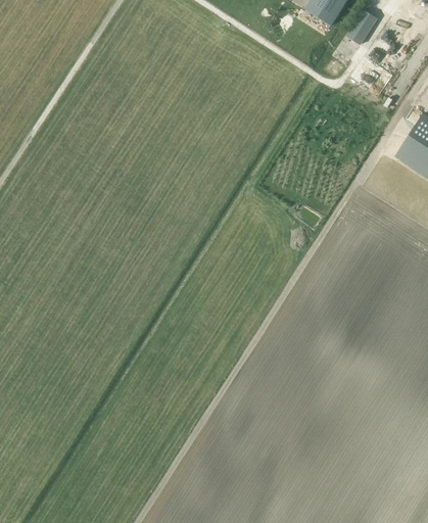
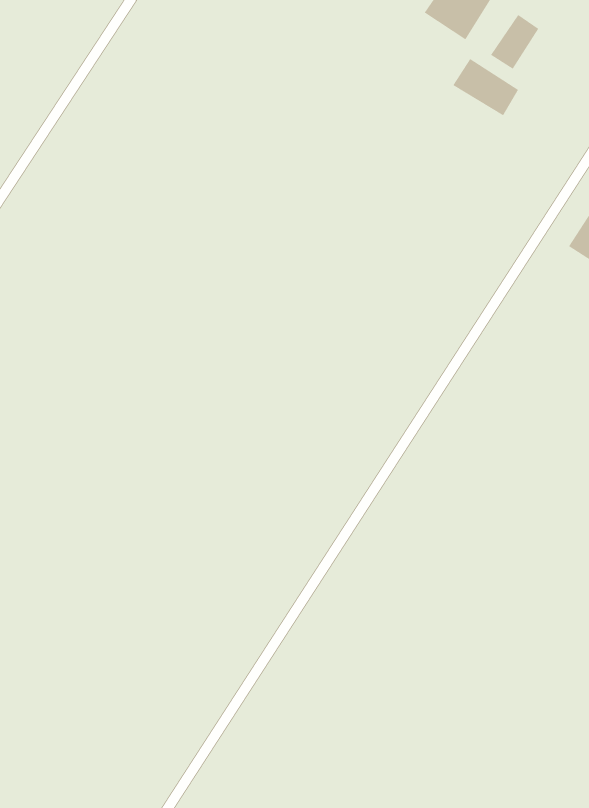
building: none -> [453,58,519,116]

